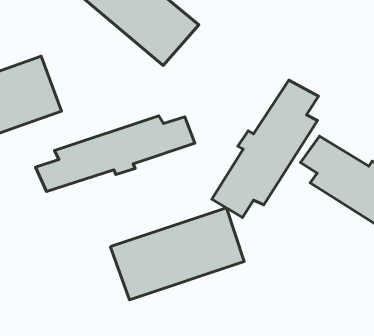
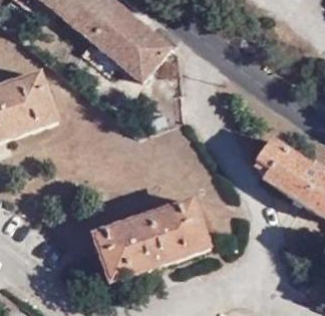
building: [212,80,318,217] -> none
building: [36,116,195,191] -> none

